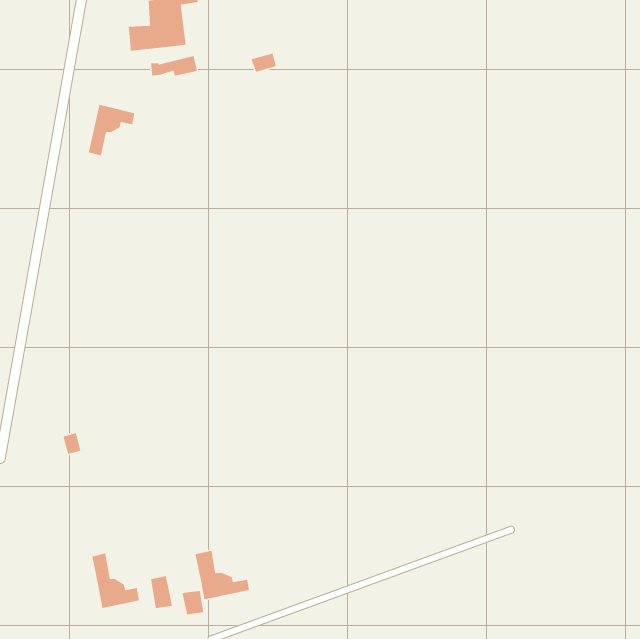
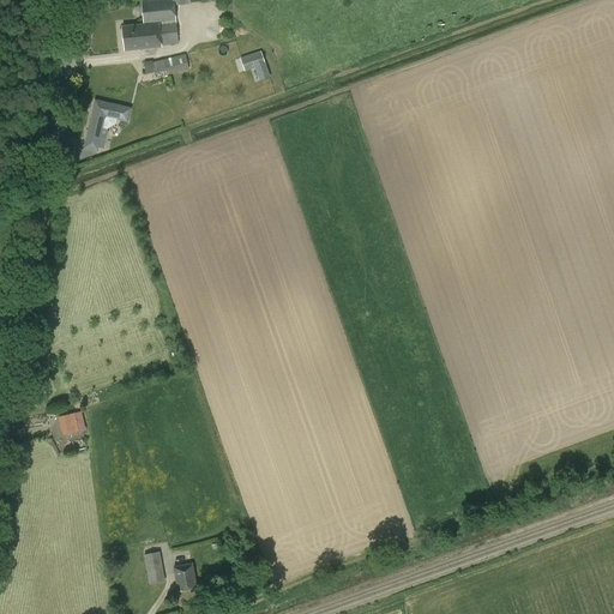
building: [194,550,250,600] -> none
building: [91,553,140,609] -> none

